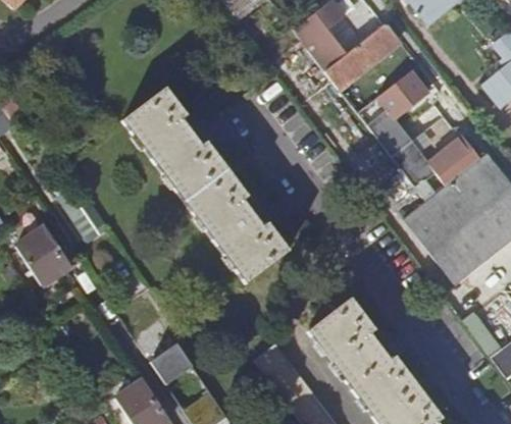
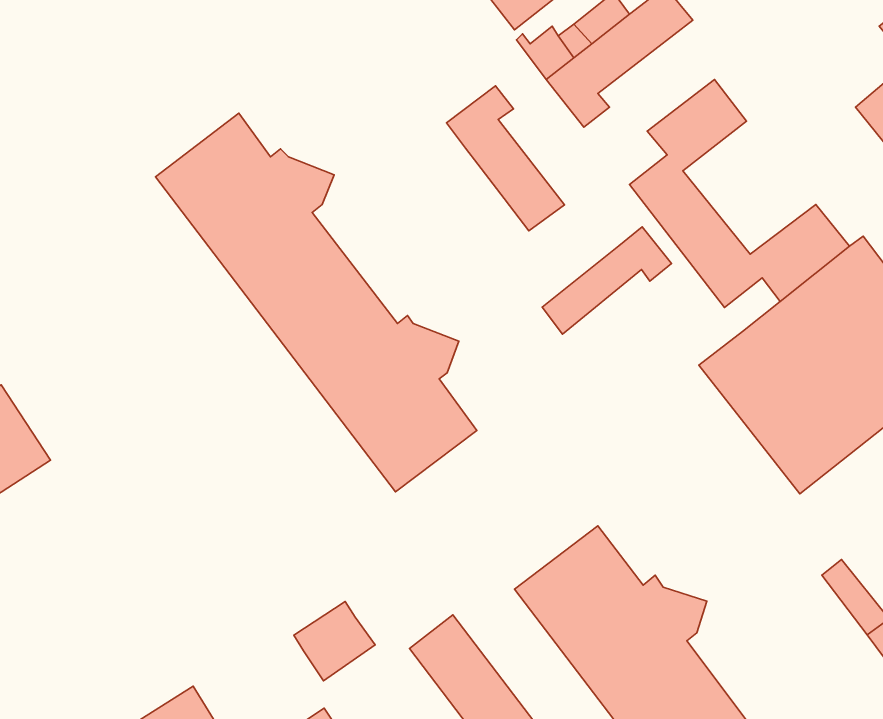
building: none -> [446,86,565,231]
building: none -> [542,227,671,334]
building: [150,346,192,386] -> [294,601,375,681]

